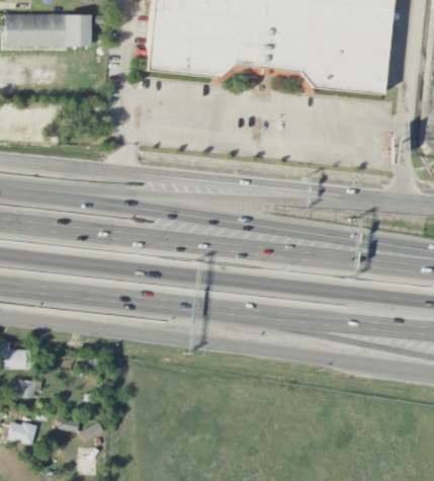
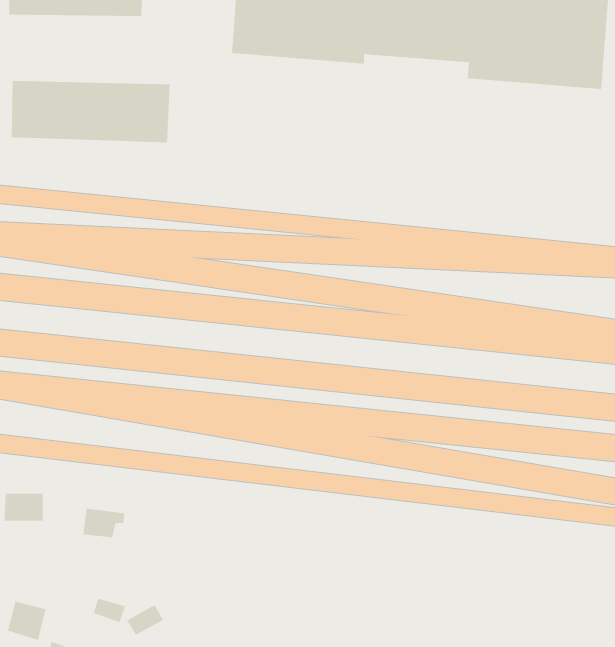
building: none -> [11,80,171,143]
building: [17,379,45,398] -> [83,508,126,538]

